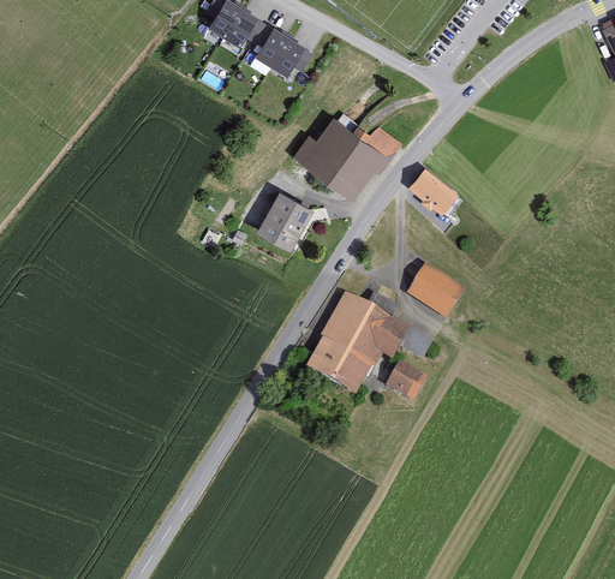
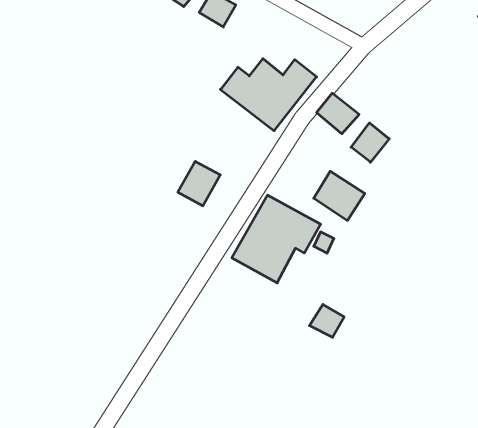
building: none -> [351,123,389,162]
building: [261,197,314,252] -> [178,161,220,206]
building: [383,357,426,398] -> [309,304,344,337]

